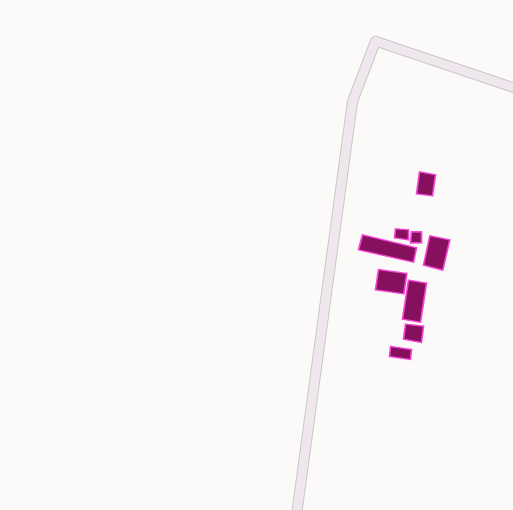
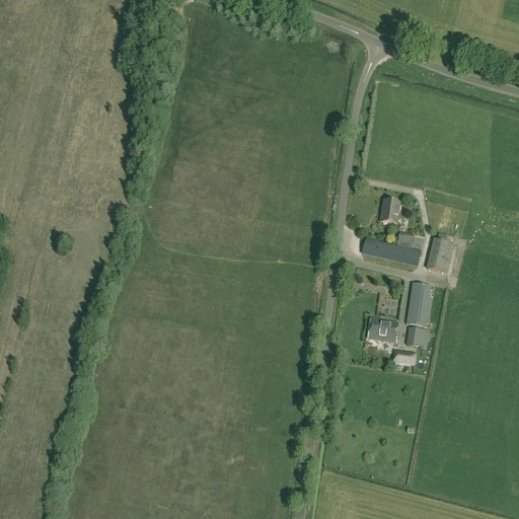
building: [416,172,436,196] -> [381,199,400,223]
building: [376,270,407,294] -> [368,317,399,342]

